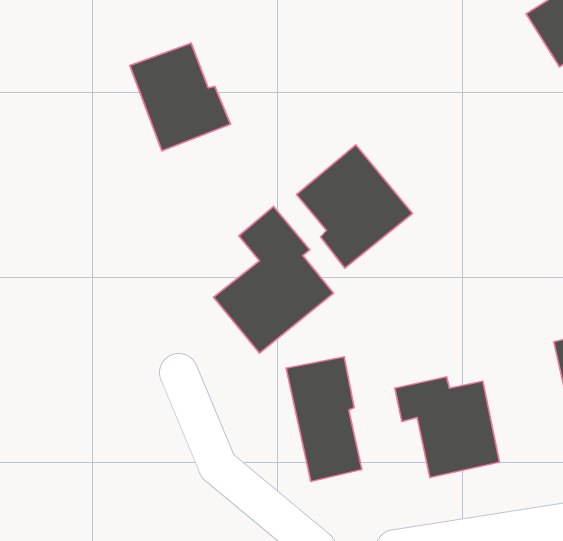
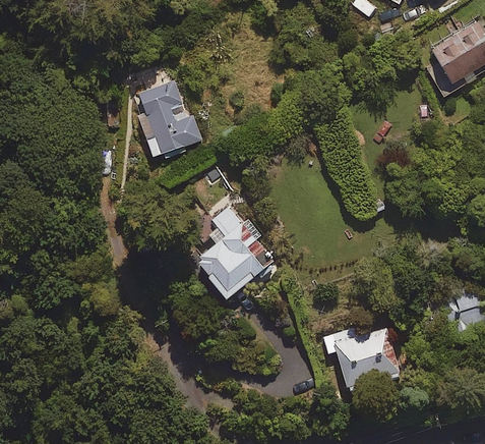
building: [297,145,412,268] -> none
building: [286,357,362,482] -> none

